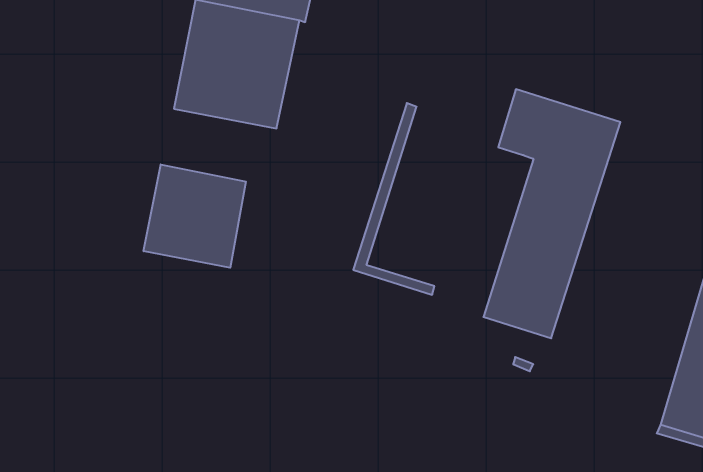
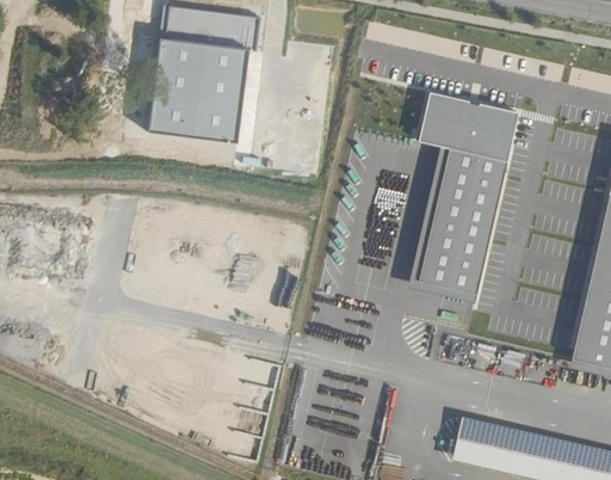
building: [353,103,434,295] -> [408,146,476,302]
building: [144,164,246,268] -> none

